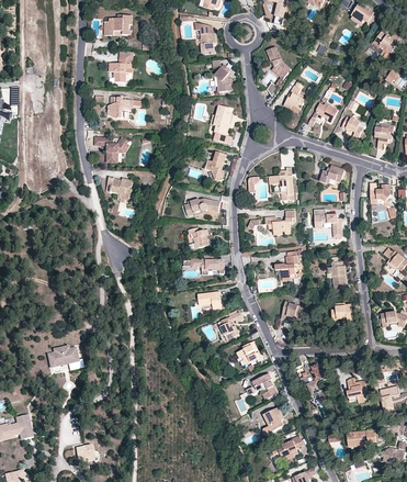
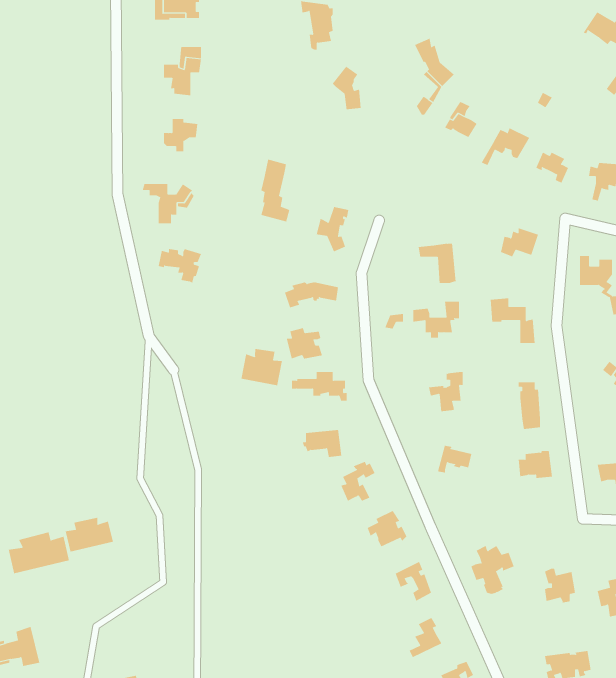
building: [213,104,231,144] -> [260,159,290,222]
building: none -> [241,348,282,386]
building: none -> [8,531,70,574]

